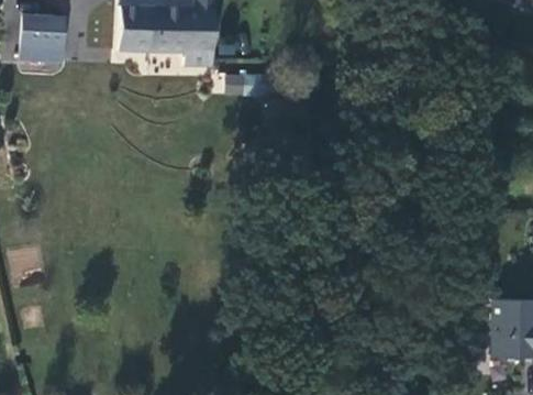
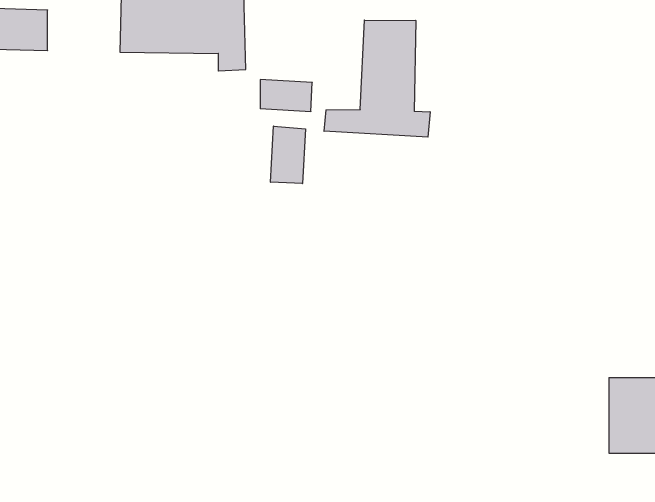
building: none -> [324,20,430,137]
building: none -> [271,126,305,184]

